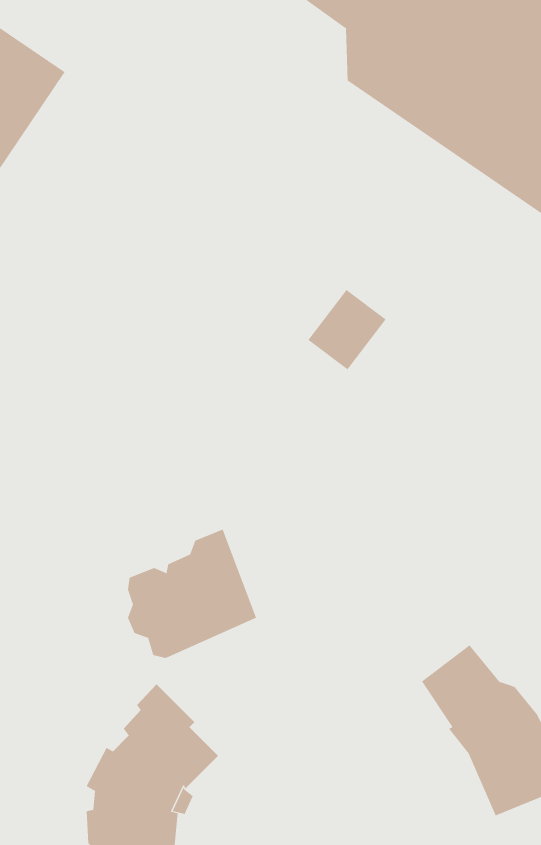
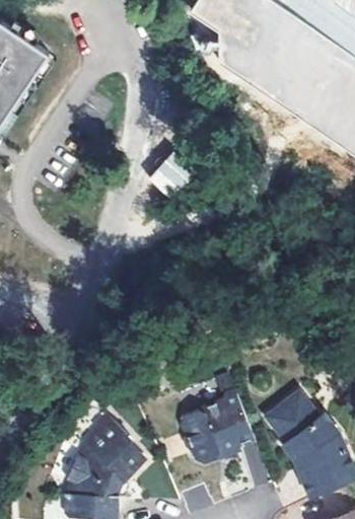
building: [307,289,387,370] -> [148,151,196,200]
building: [127,529,257,658] -> [180,387,258,465]

